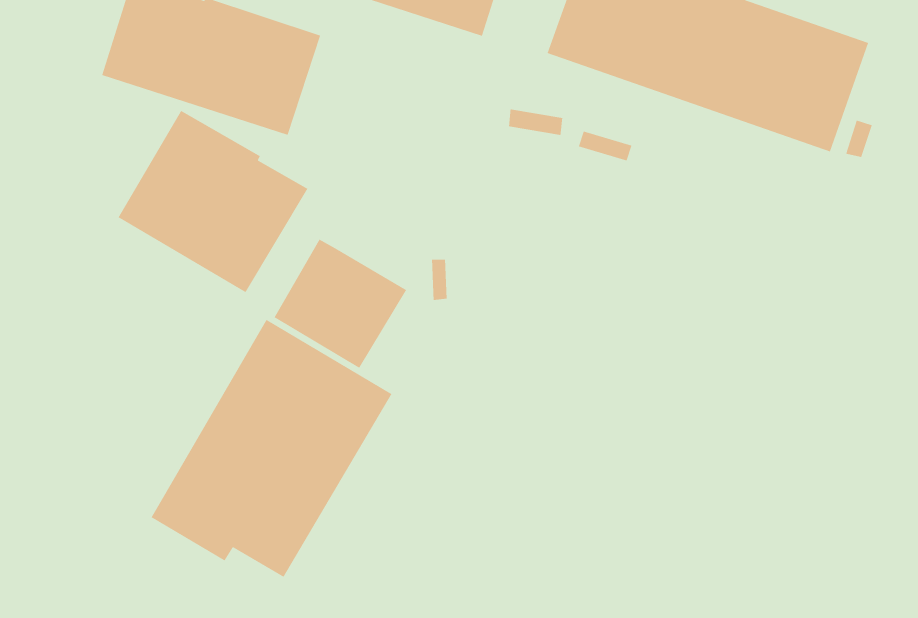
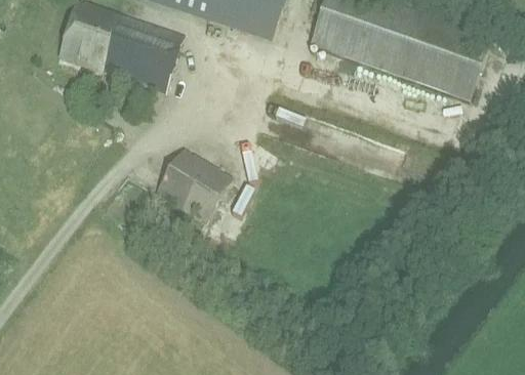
building: [118,110,308,293] -> none
building: [150,319,392,578] -> none

